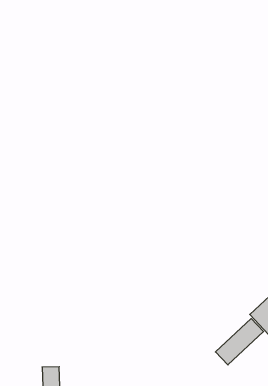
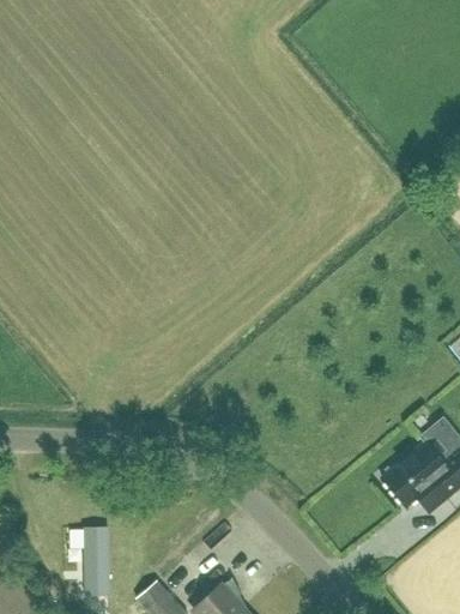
building: [215,319,264,365] -> none

